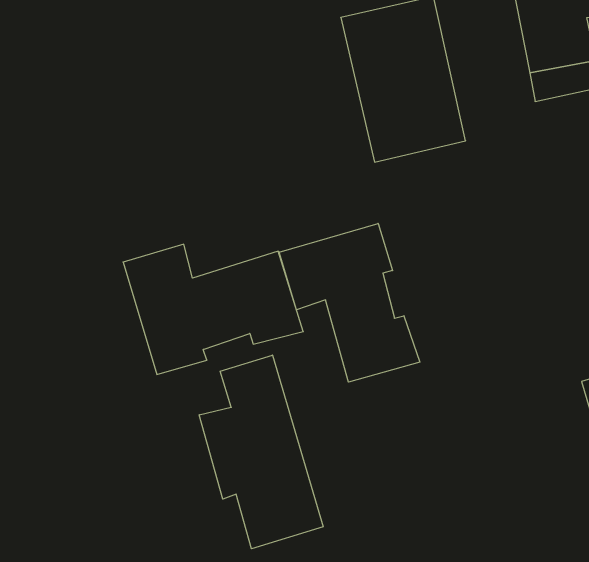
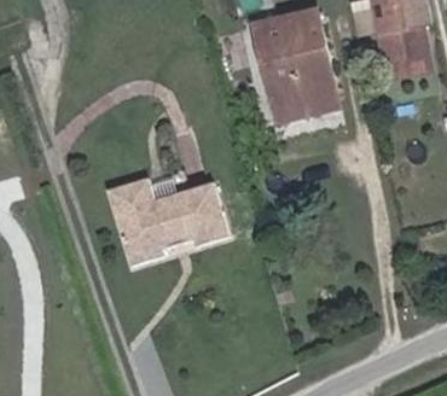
building: [279,223,420,382] -> none
building: [199,355,323,549] -> none

